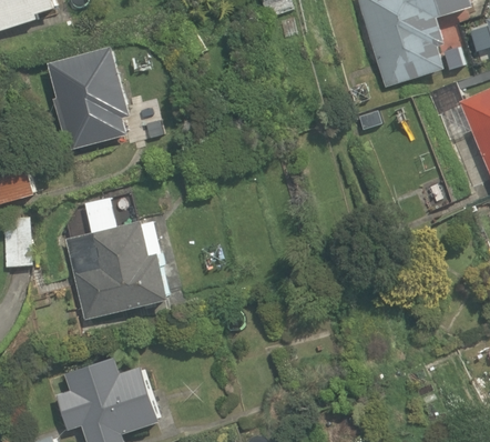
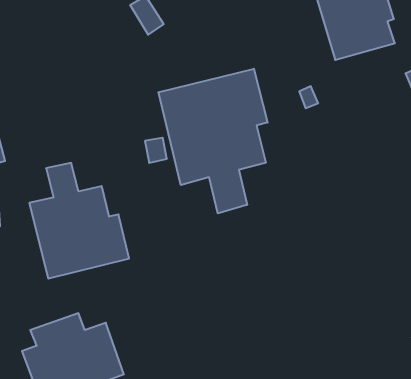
building: [48,46,130,150] -> none
building: none -> [158,69,268,213]

